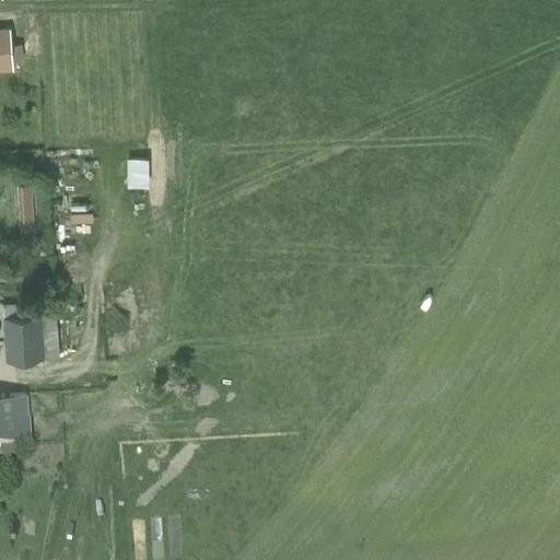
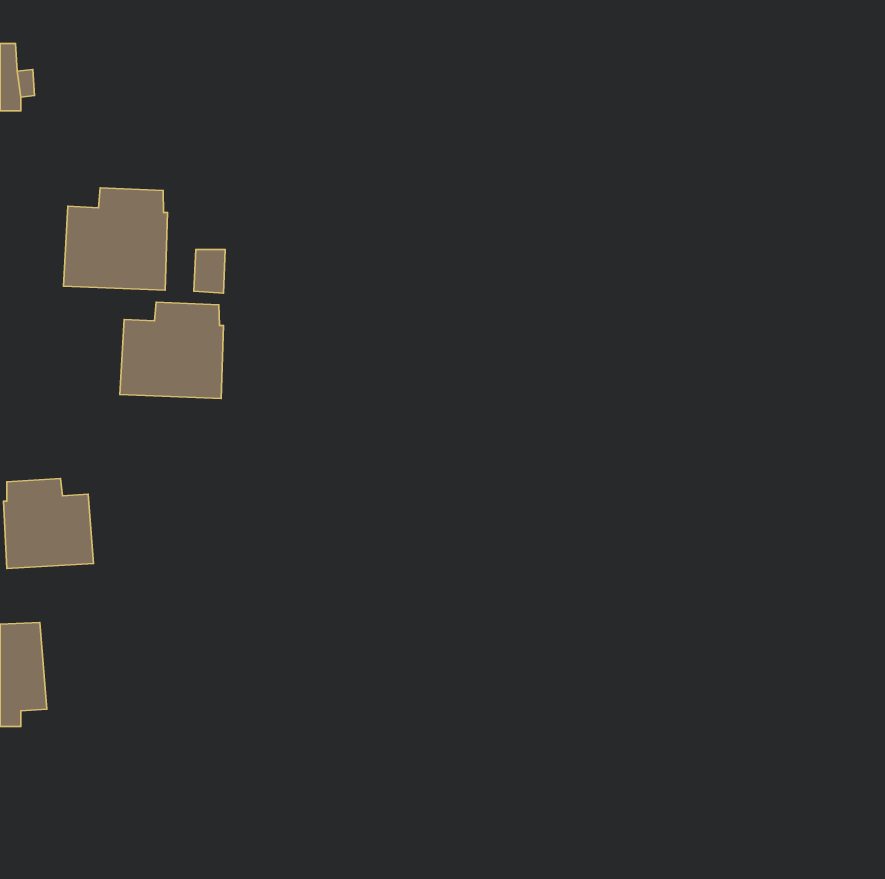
building: none -> [64,188,168,290]
building: none -> [120,302,223,399]

